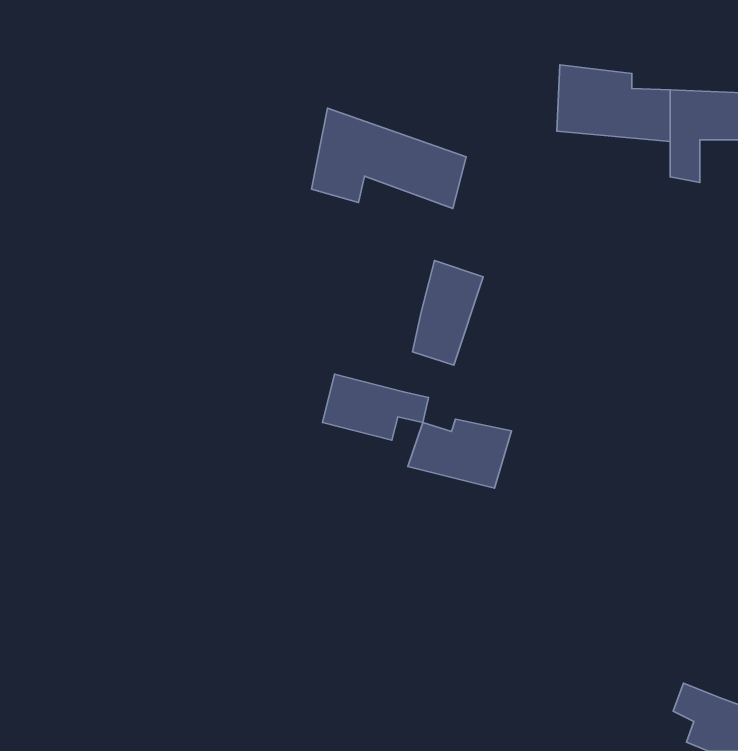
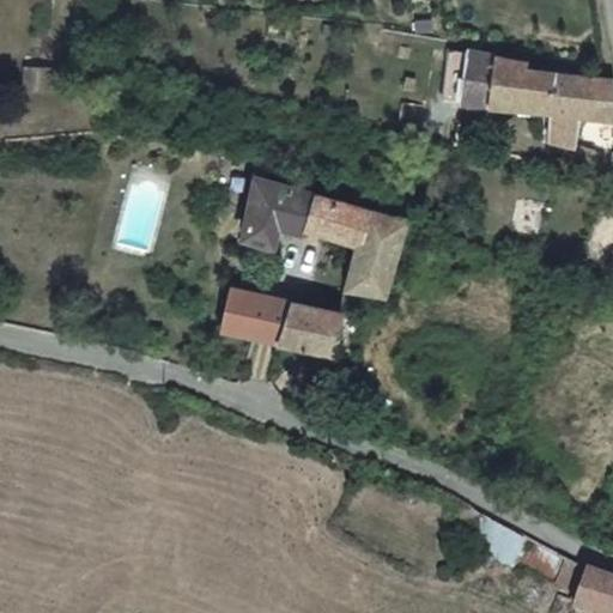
building: [311,108,466,208] -> [239,172,365,254]
building: none -> [221,292,284,344]
building: [408,419,511,488] -> none

